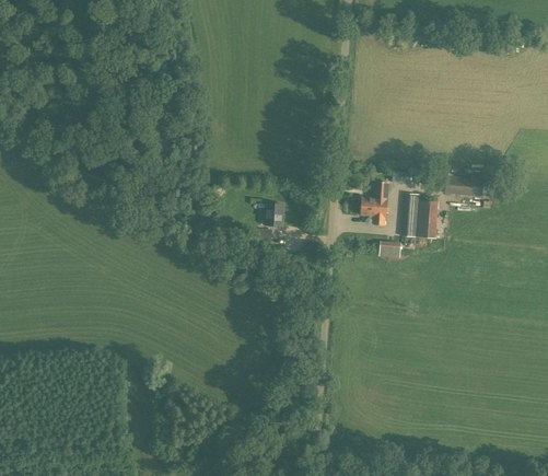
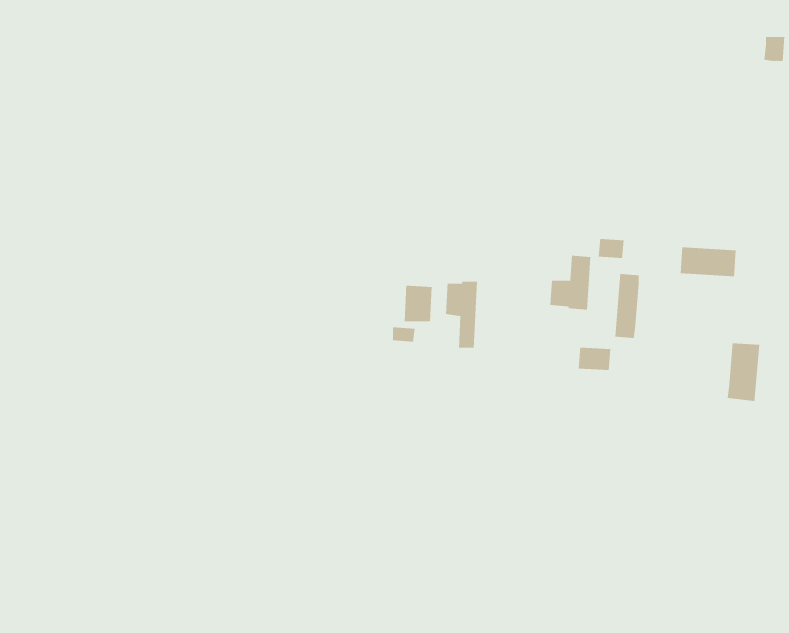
building: none -> [446,281,477,349]
building: [416,200,438,239] -> [727,343,760,401]

